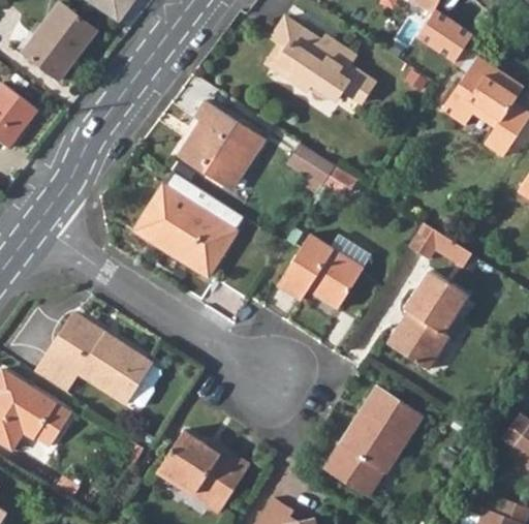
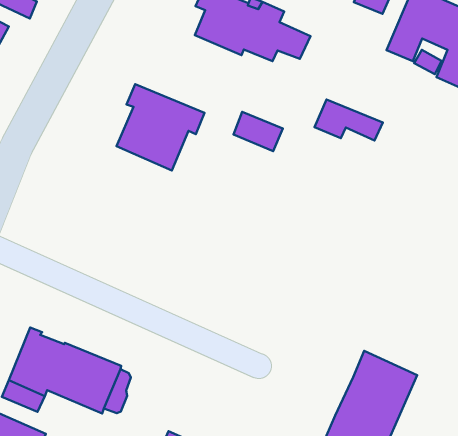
building: [133,184,238,277] -> none
building: [410,221,474,267] -> [315,100,383,140]
building: [278,235,364,311] -> none
building: [394,271,470,370] -> none

